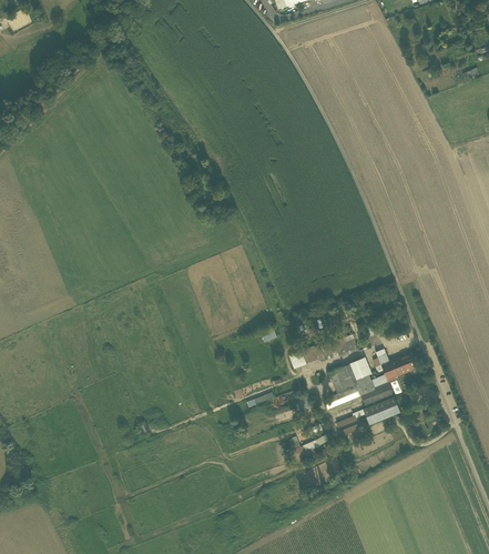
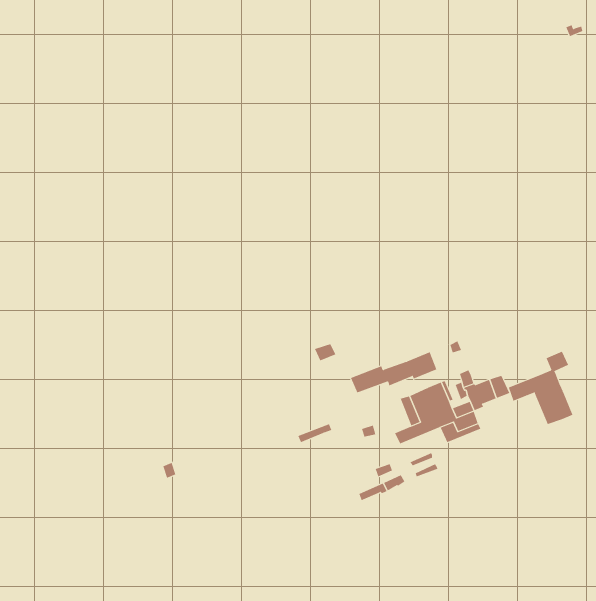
building: none -> [508,351,573,425]
building: [363,397,400,425] -> none

